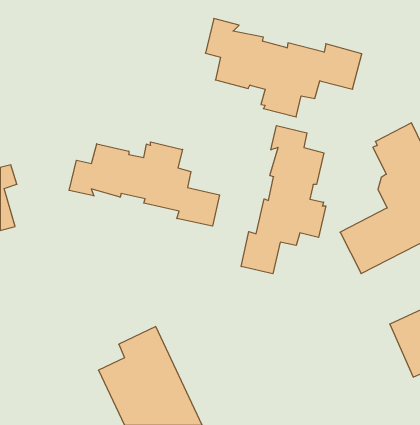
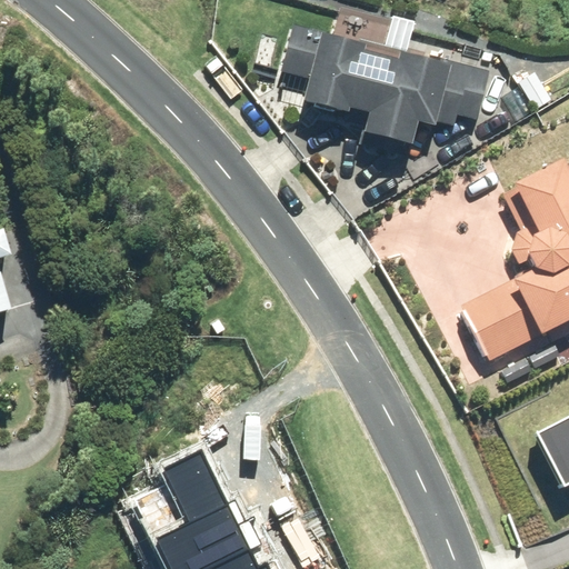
building: [241,126,326,274] -> none
building: [69,142,220,226] -> none

